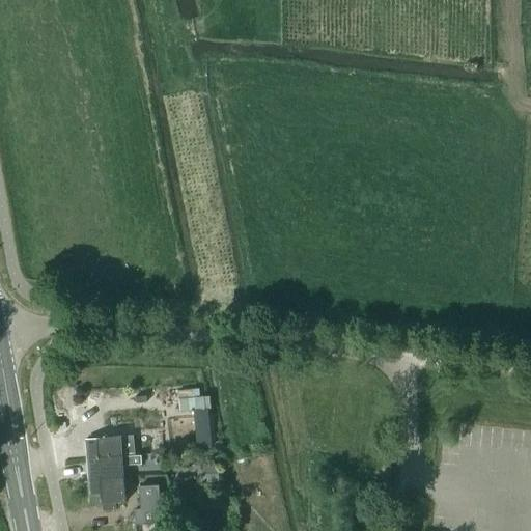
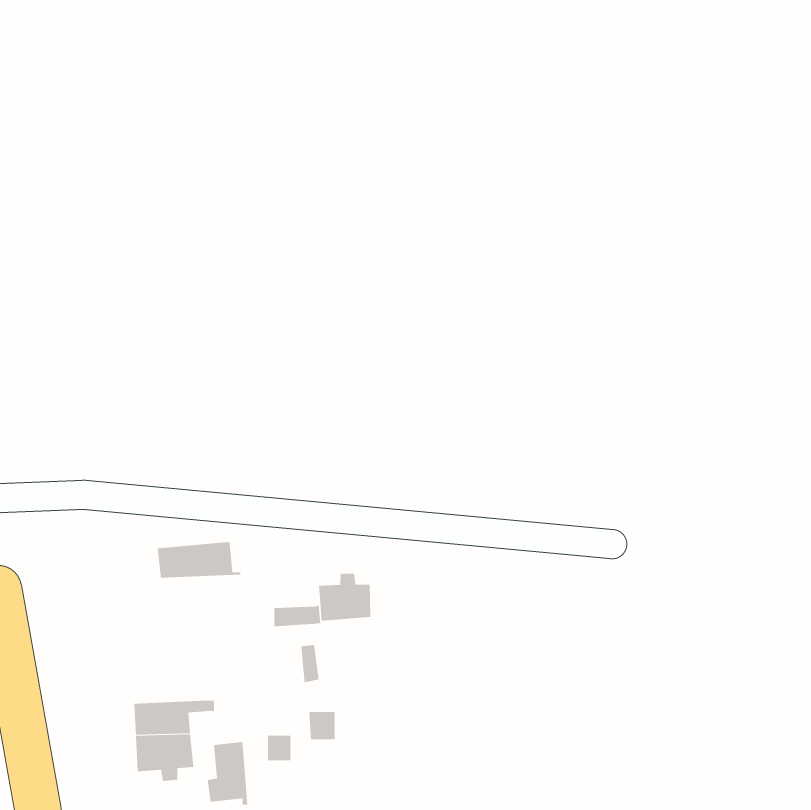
building: none -> [319,573,371,622]
building: [85,435,140,458] -> [157,542,241,578]

